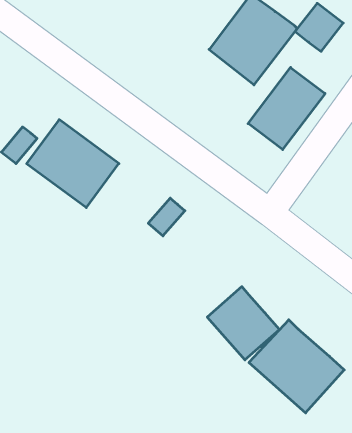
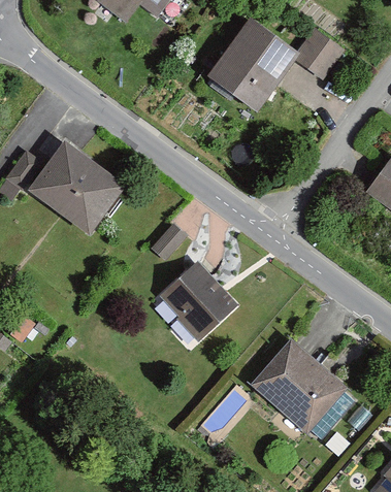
building: [248,67,325,150] -> none
building: [207,287,280,360] -> [163,264,234,336]

